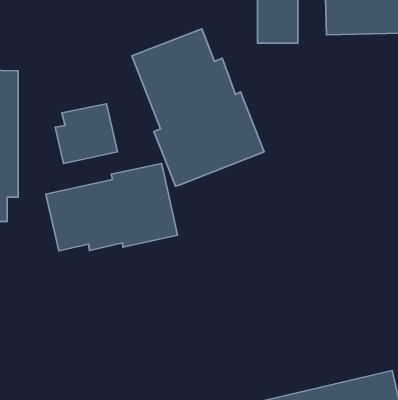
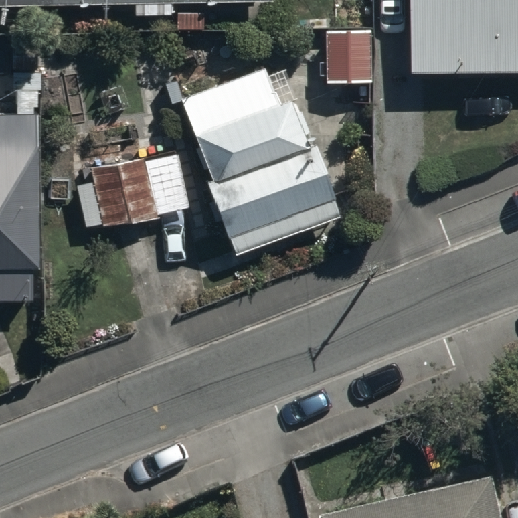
building: [46,163,177,251] -> none

